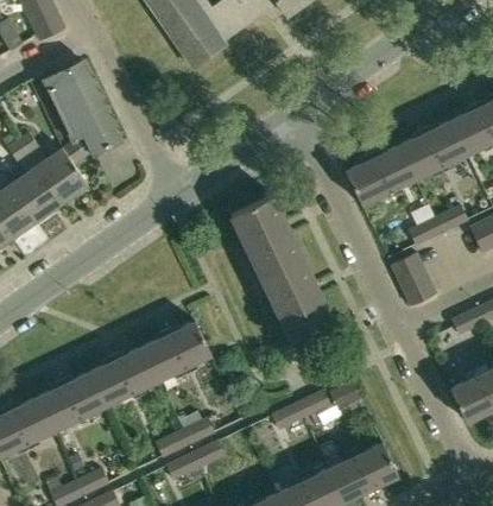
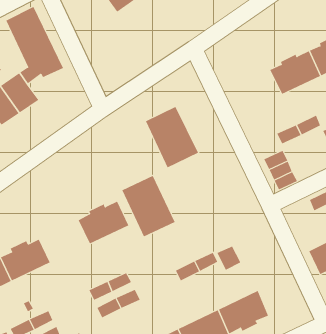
building: [345,145,415,204] -> none
building: [260,257,333,340] -> [121,175,175,237]
building: [88,347,156,404] -> none

